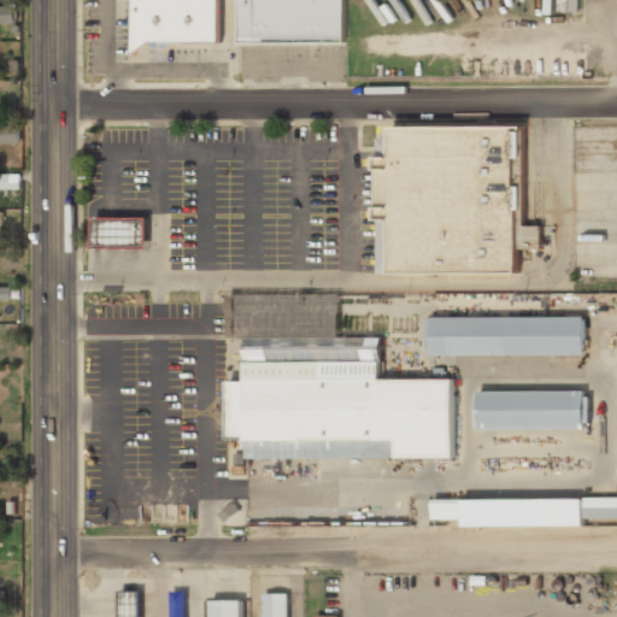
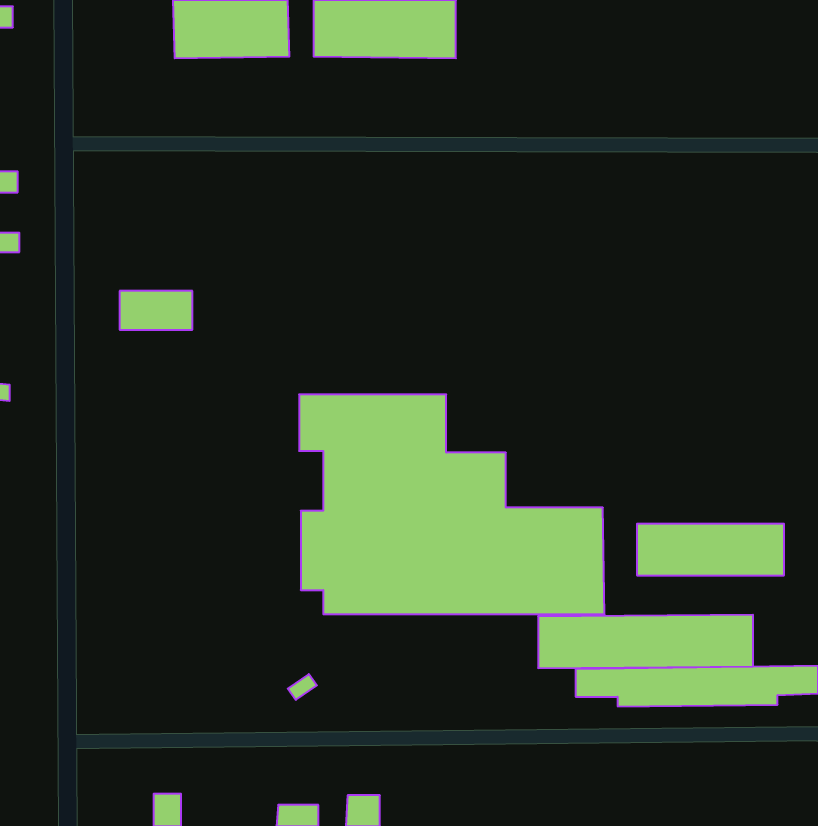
building: [375,125,536,274] -> none
building: [421,316,581,355] -> [538,615,753,668]

